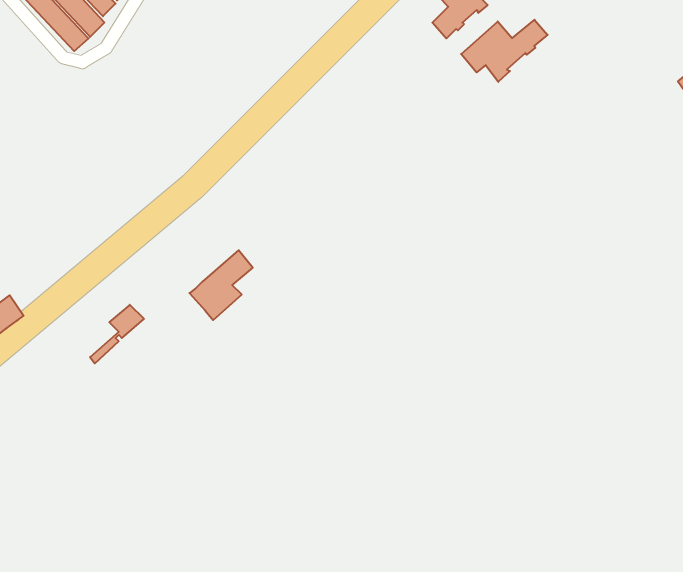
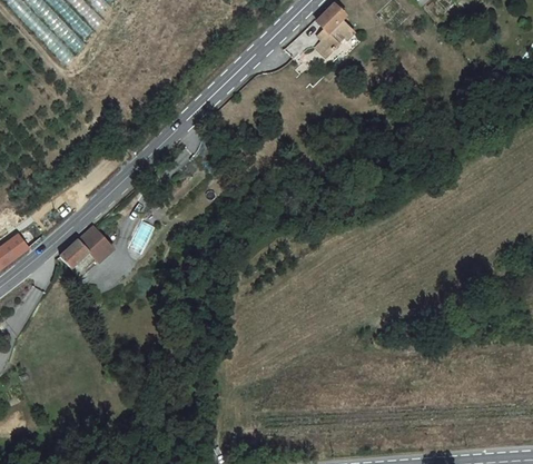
building: [461,20,548,82] -> none
building: [189,250,253,320] -> [59,226,103,275]

